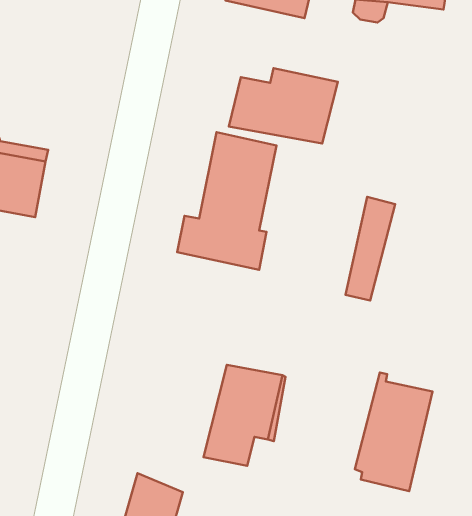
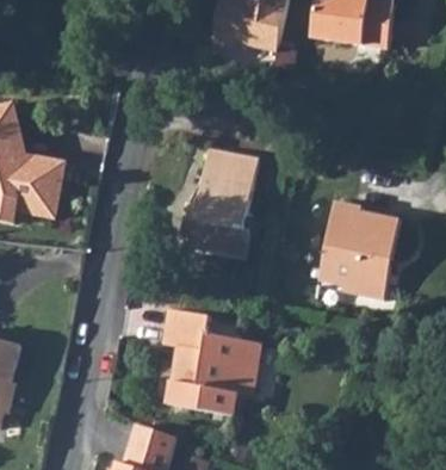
building: [229,68,338,144] -> none
building: none -> [161,309,212,410]
building: [355,373,433,491] -> [329,204,392,301]

